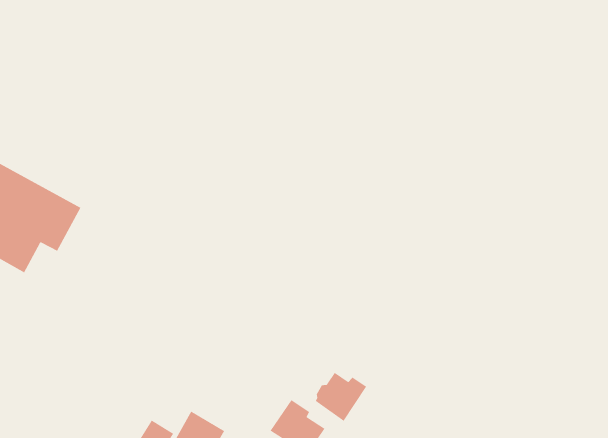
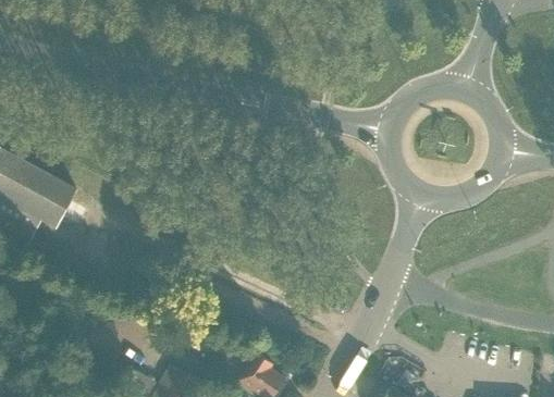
building: [315,372,367,422] -> none

